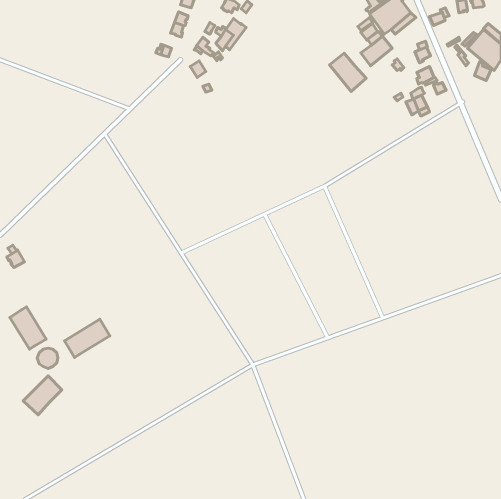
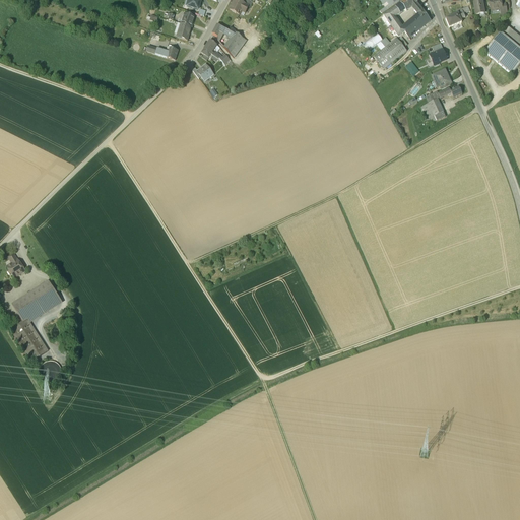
building: [329,53,366,91] -> none
building: [65,319,110,357] -> [12,281,59,321]
building: [23,376,62,415] -> none

